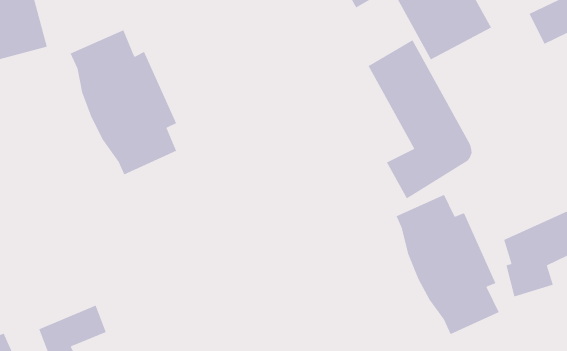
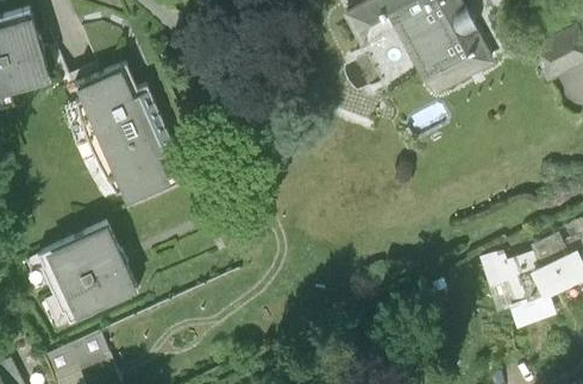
building: [367,39,472,200] -> none
building: none -> [40,224,140,323]
building: [395,194,500,335] -> none

